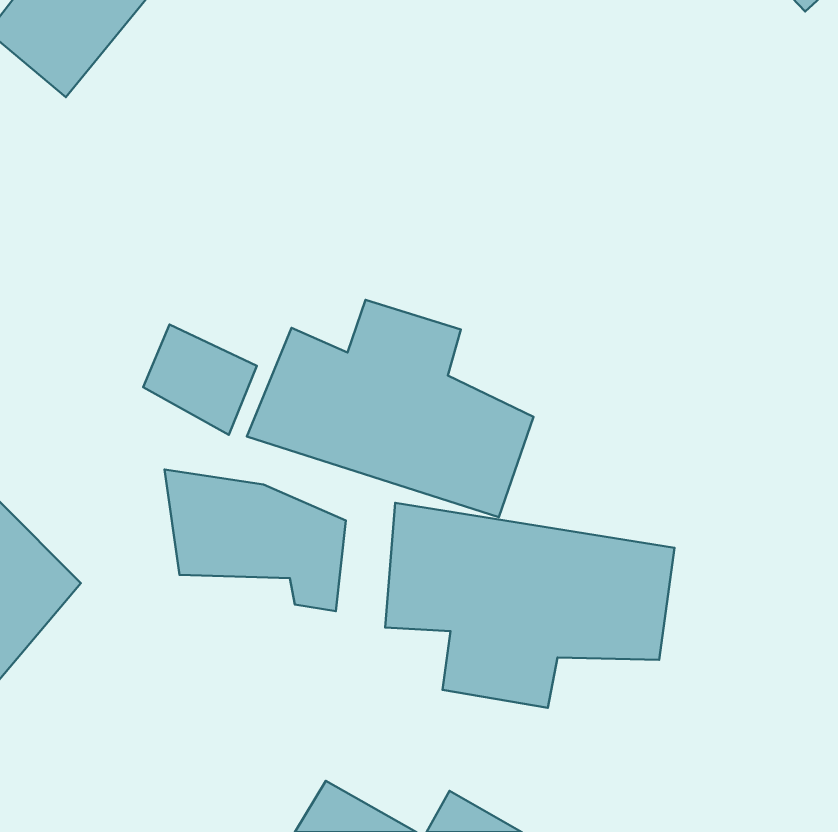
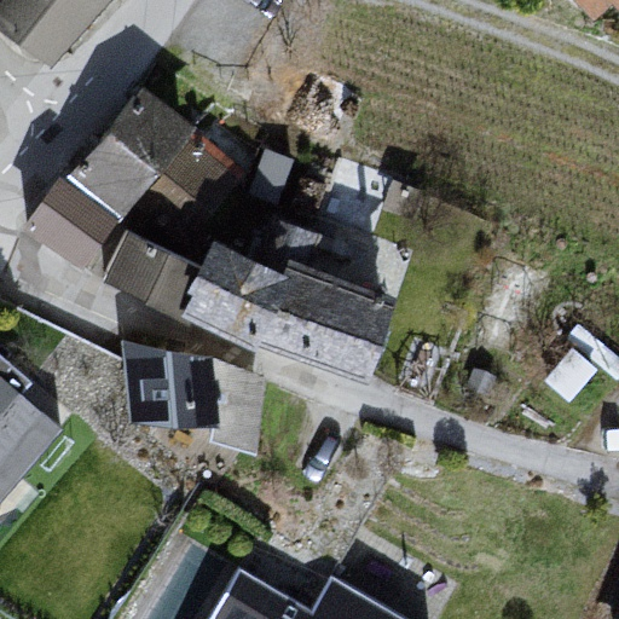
building: none -> [19,92,239,273]
building: [385,503,675,708] -> none

